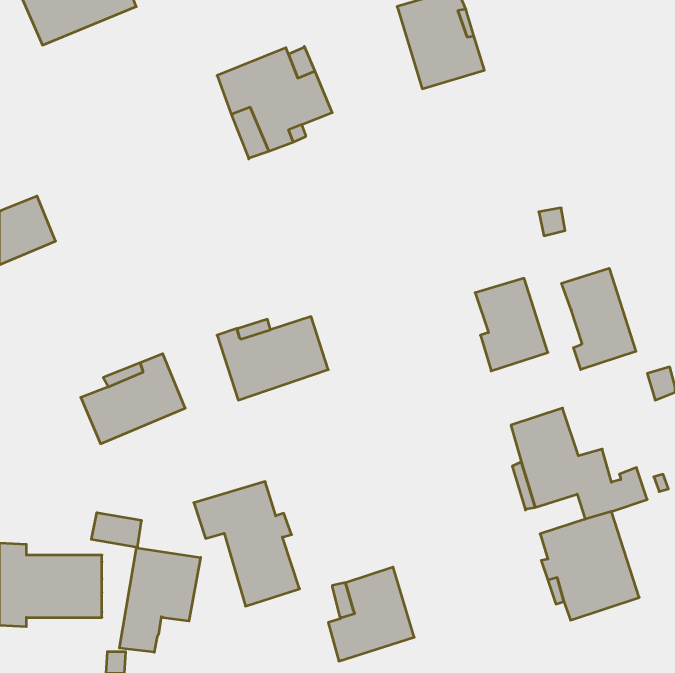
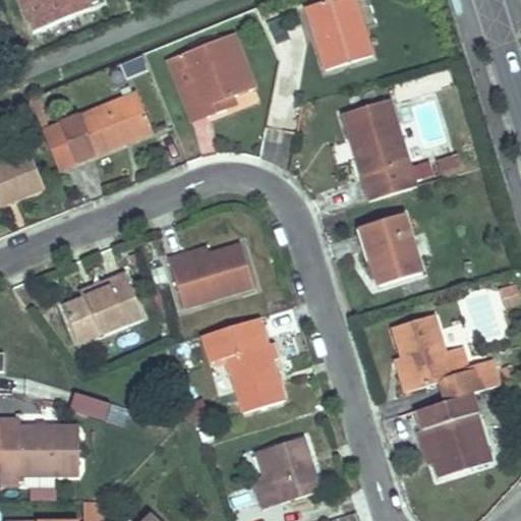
building: none -> [42,91,152,168]
building: none -> [341,98,411,200]
building: [562,268,636,370] -> none
building: [194,482,300,606] -> [202,316,284,412]
building: [119,548,201,652] -> none

